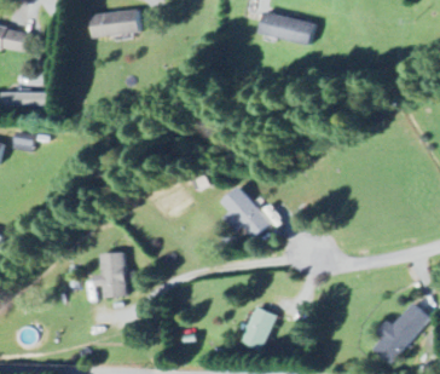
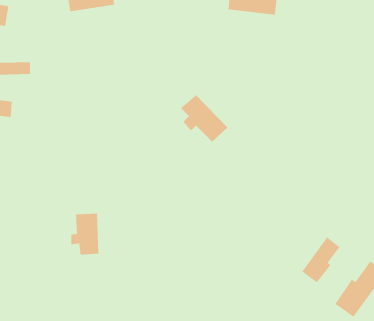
building: [222,186,273,237] -> [180,95,228,142]
building: none -> [301,237,340,283]
building: [239,305,276,350] -> none

